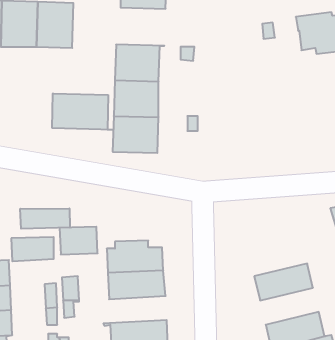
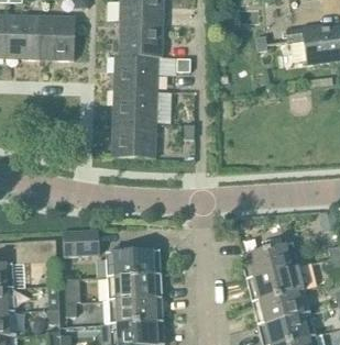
building: none -> [116,21,163,57]
building: [52,93,113,130] -> none
building: [20,208,70,229] -> none
building: none -> [241,236,298,277]
building: none -> [253,288,309,323]
building: none -> [102,296,164,322]

